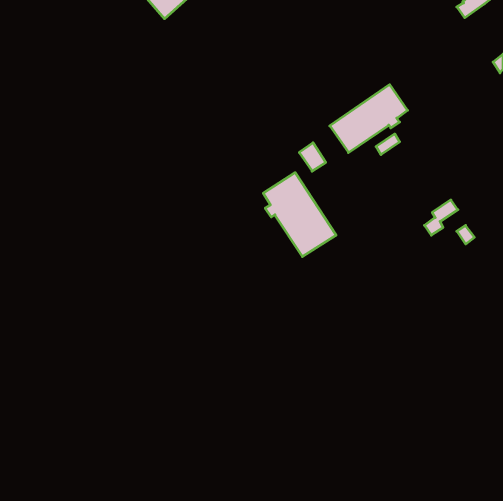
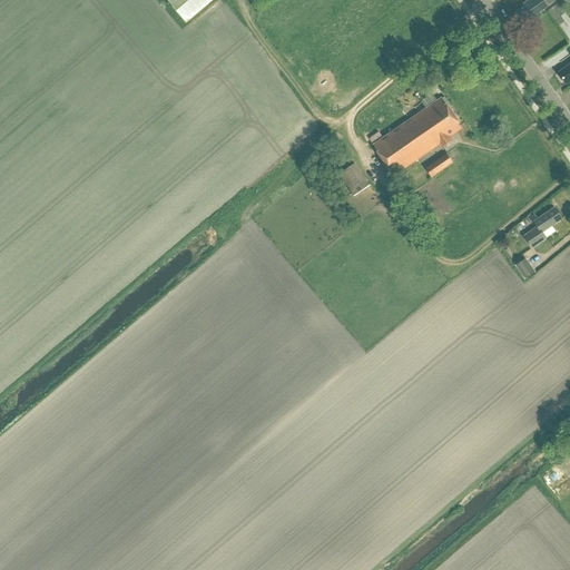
building: [263,173,336,257] -> none
building: [424,200,458,235] -> [524,205,562,245]

